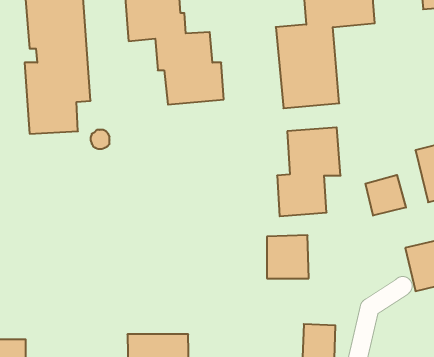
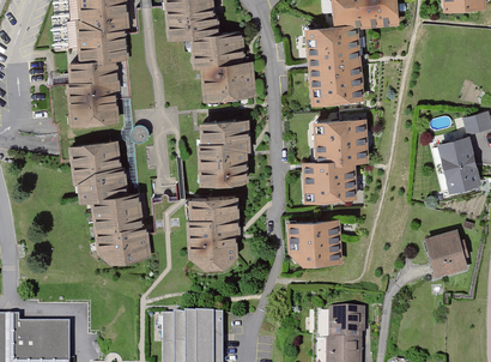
building: none -> [196,119,250,185]
building: none -> [68,139,153,264]
building: [365,175,406,216] -> none
building: none -> [186,197,238,269]

